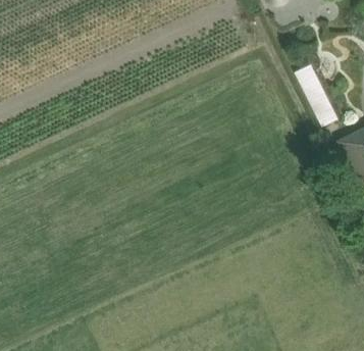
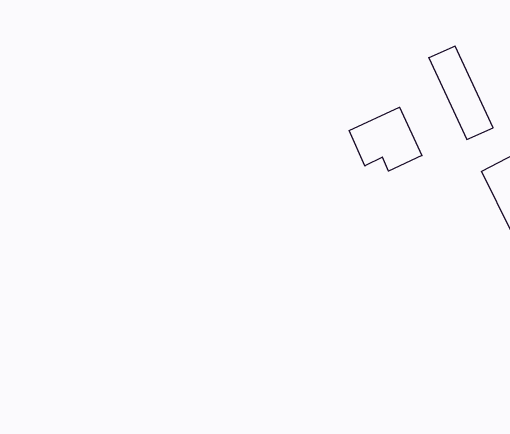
building: none -> [349,107,422,171]

